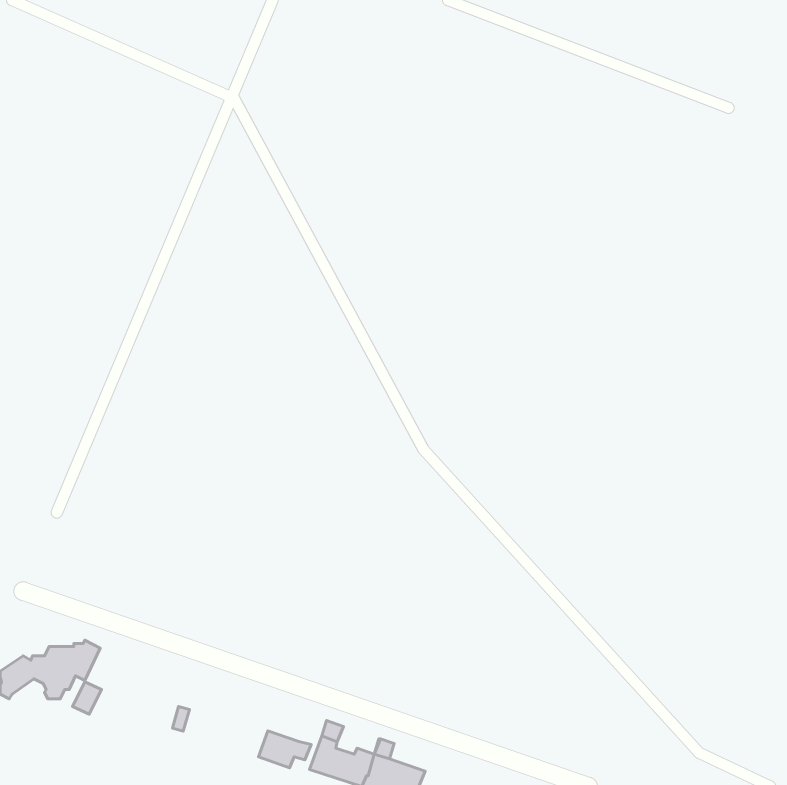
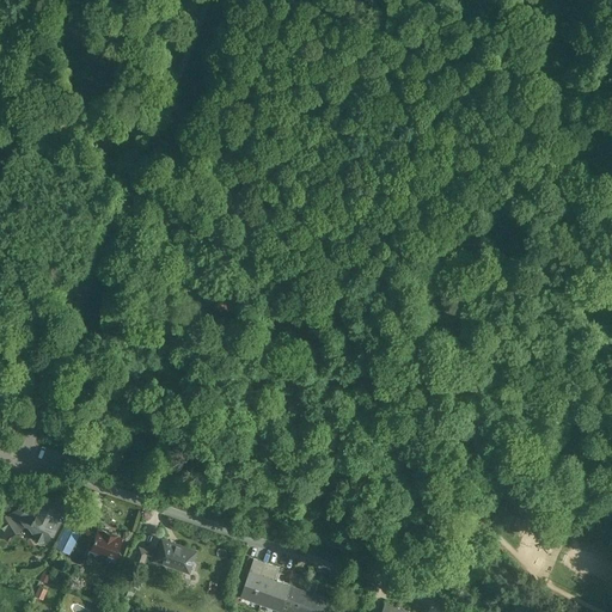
building: none -> [91,532,122,562]
building: [259,731,311,768] -> [155,541,196,570]

